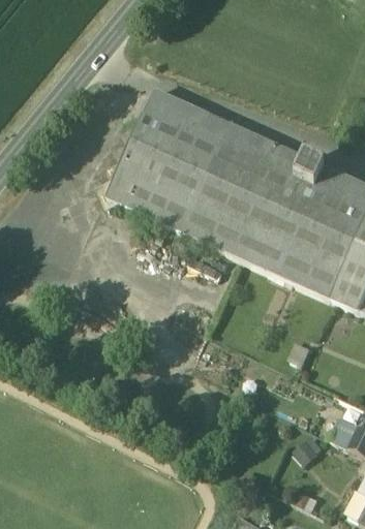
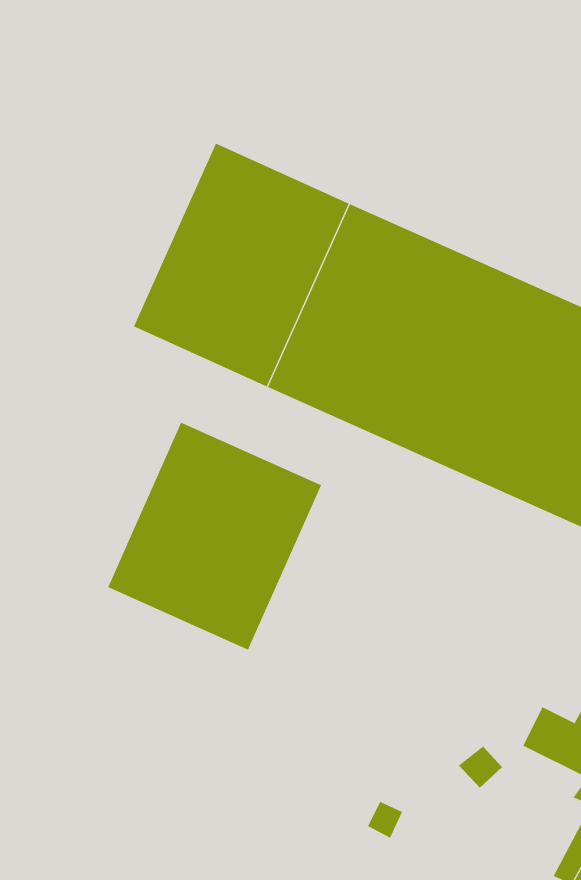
building: none -> [107,422,322,651]

